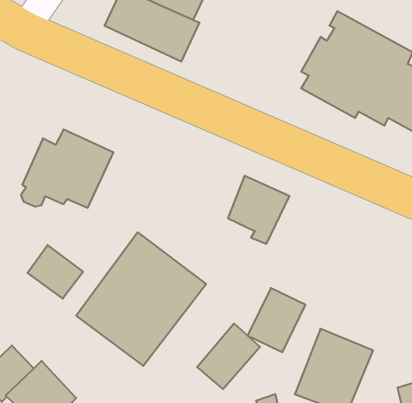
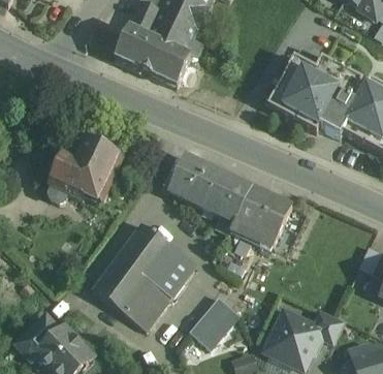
building: none -> [169,157,227,212]
building: [27,245,83,299] -> none
building: [248,288,305,352] -> [245,194,291,246]

